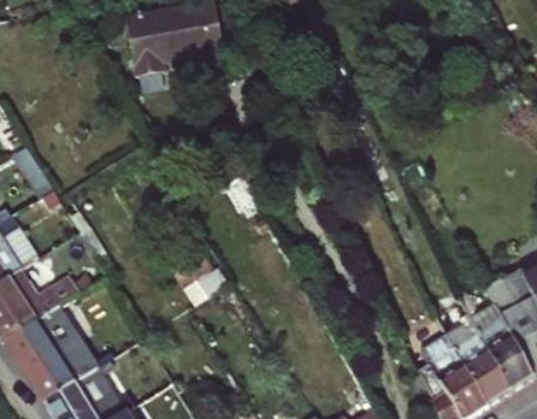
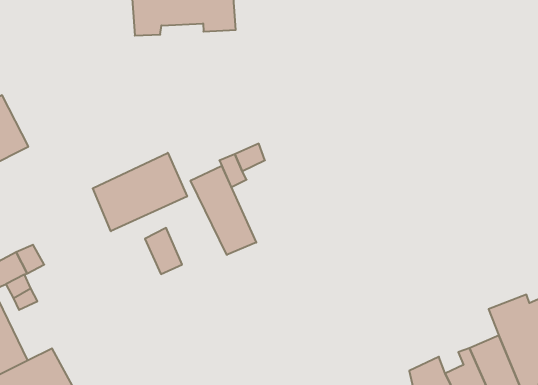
building: none -> [93,153,187,231]
building: none -> [191,166,256,255]

